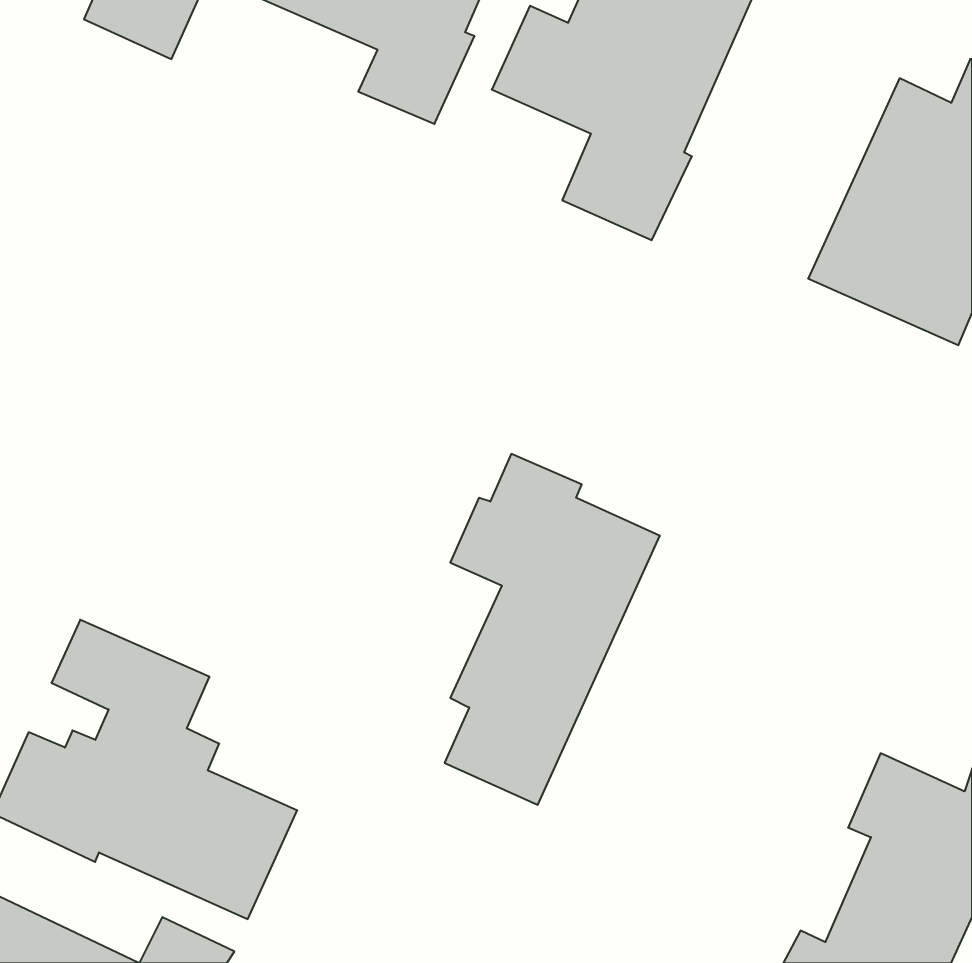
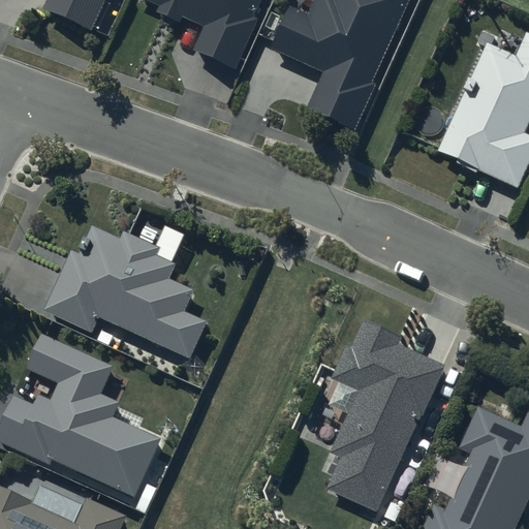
building: none -> [44,228,210,361]
building: [445,454,660,805] -> [328,319,444,509]

